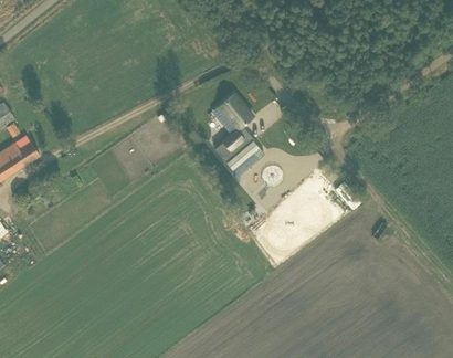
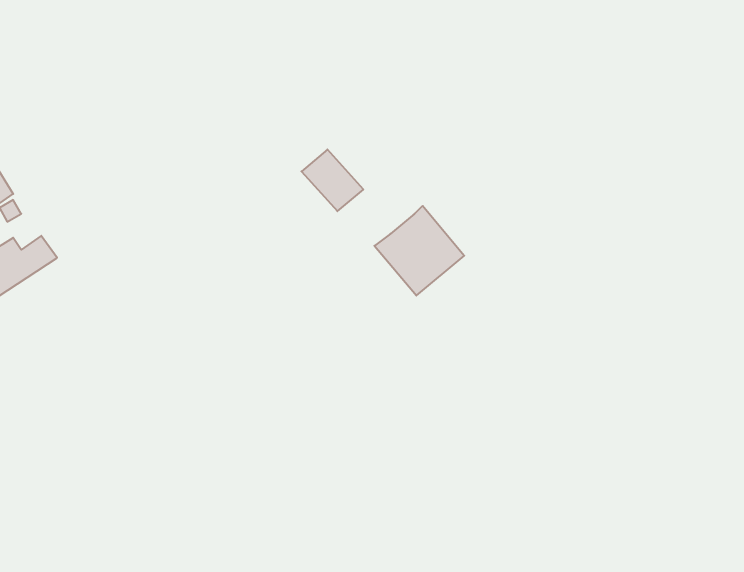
building: [218,94,252,128] -> [301,149,363,211]

